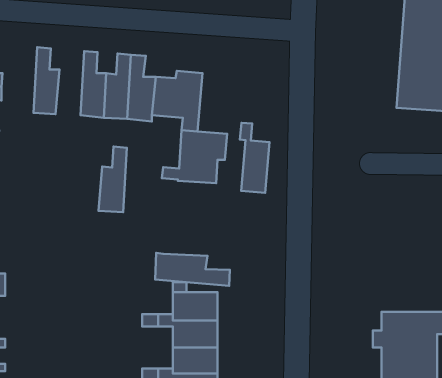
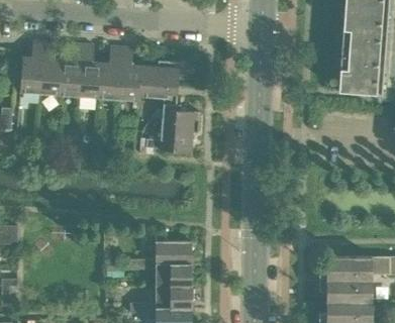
building: none -> [19,40,43,95]
building: [240,123,269,193] -> none
building: [99,147,127,212] -> [59,43,82,97]
building: [155,253,230,286] -> none

